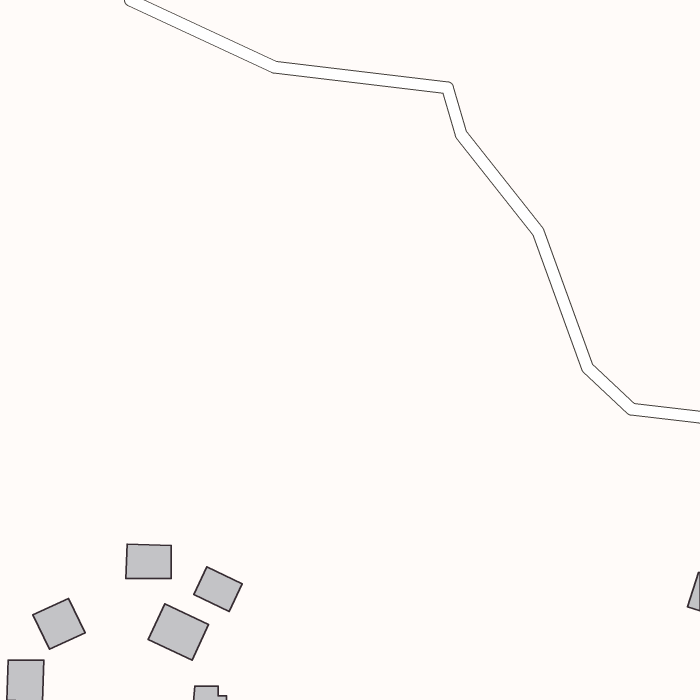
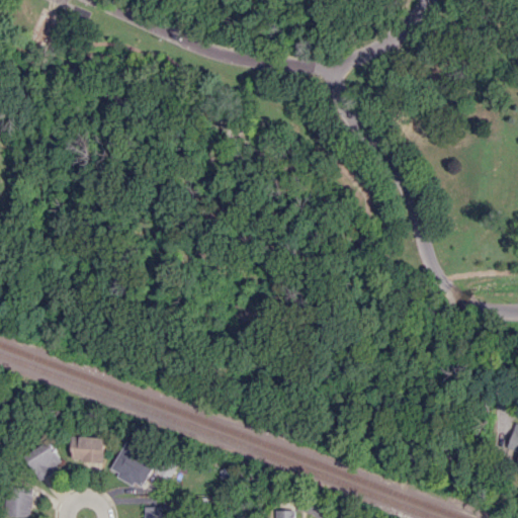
building: [126,544,171,578] -> [70,436,103,461]
building: [194,567,242,612] -> none

